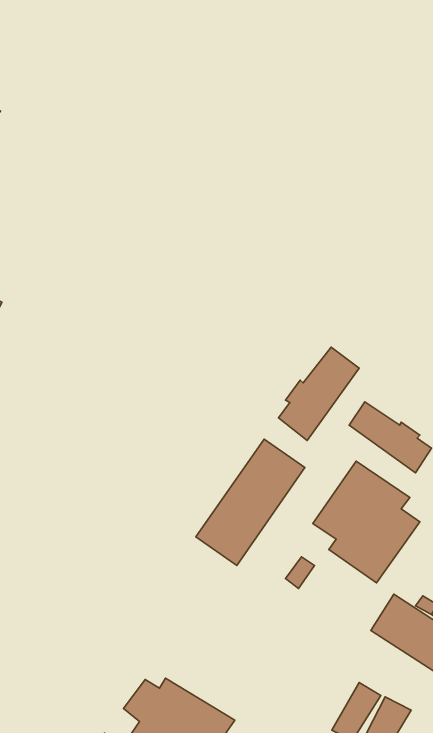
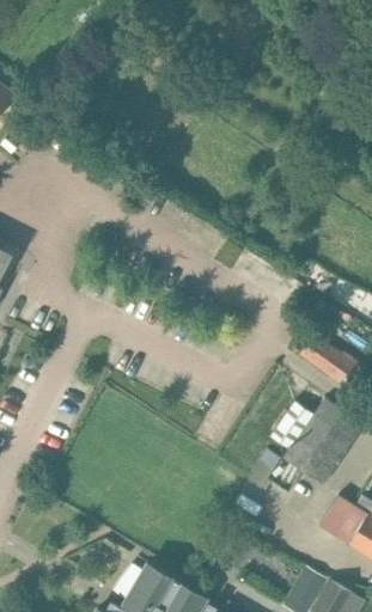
building: [279,347,359,440] -> none
building: [196,439,305,565] -> none

